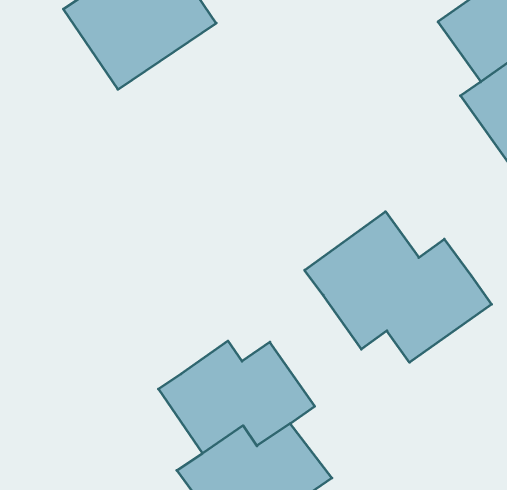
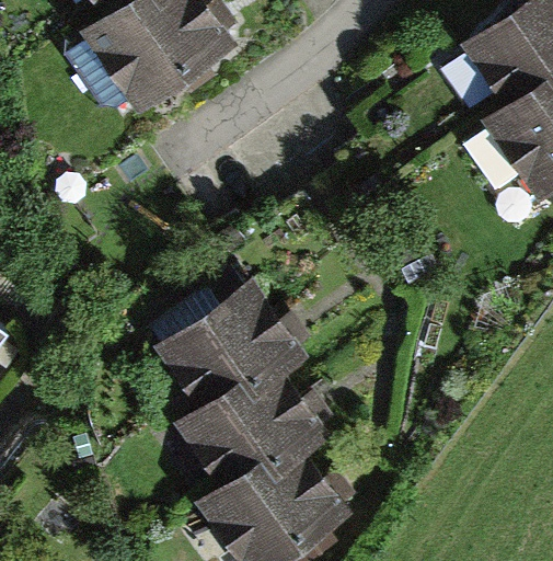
building: [305,212,492,362] -> none
building: none -> [154,276,311,407]

